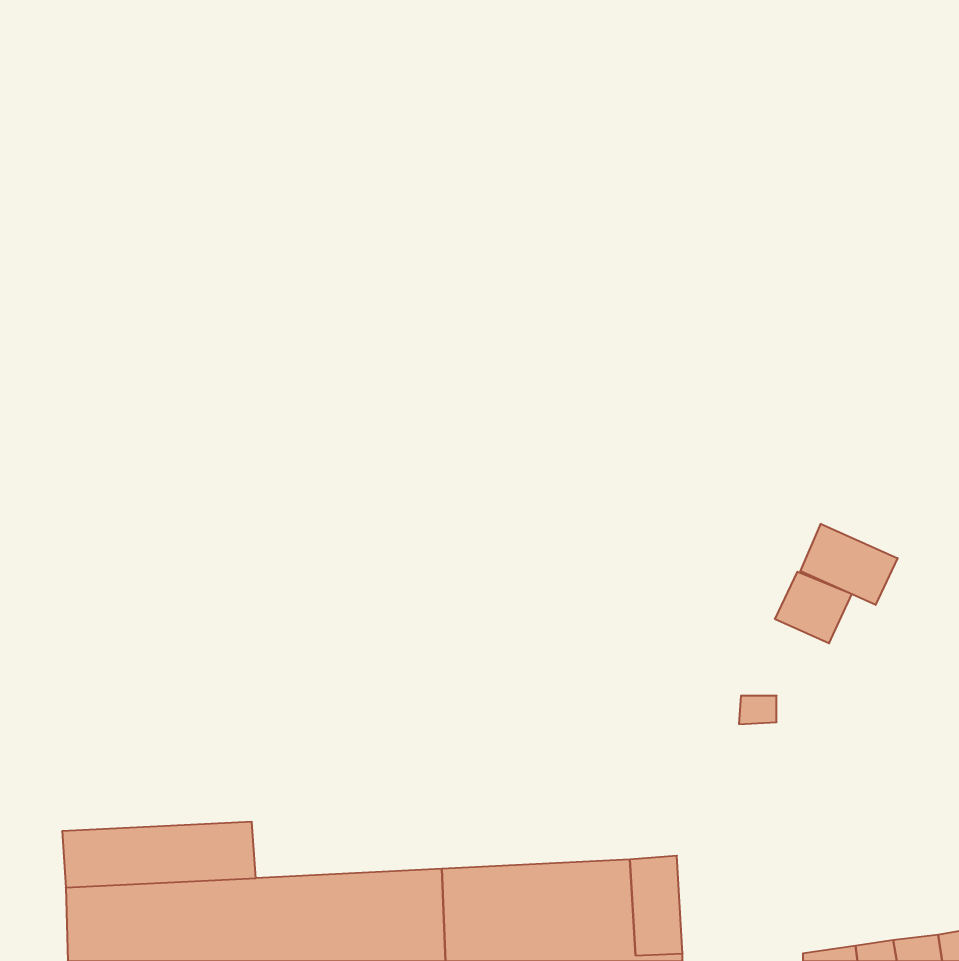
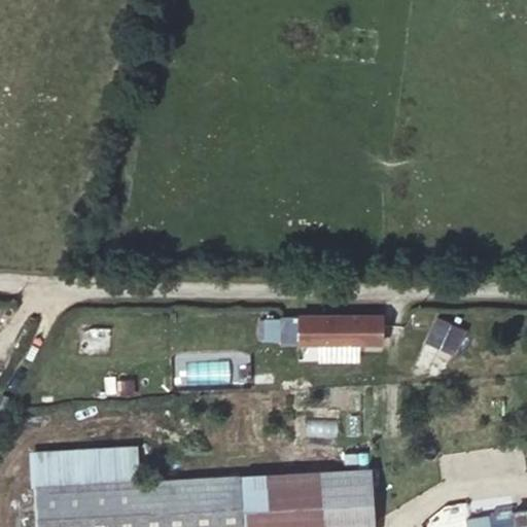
building: [800,524,898,605] -> none
building: none -> [275,324,376,349]

